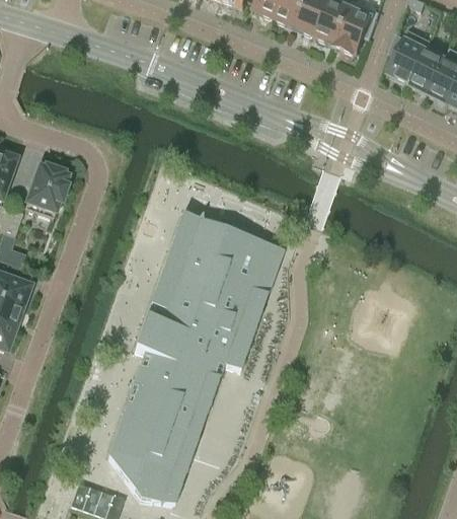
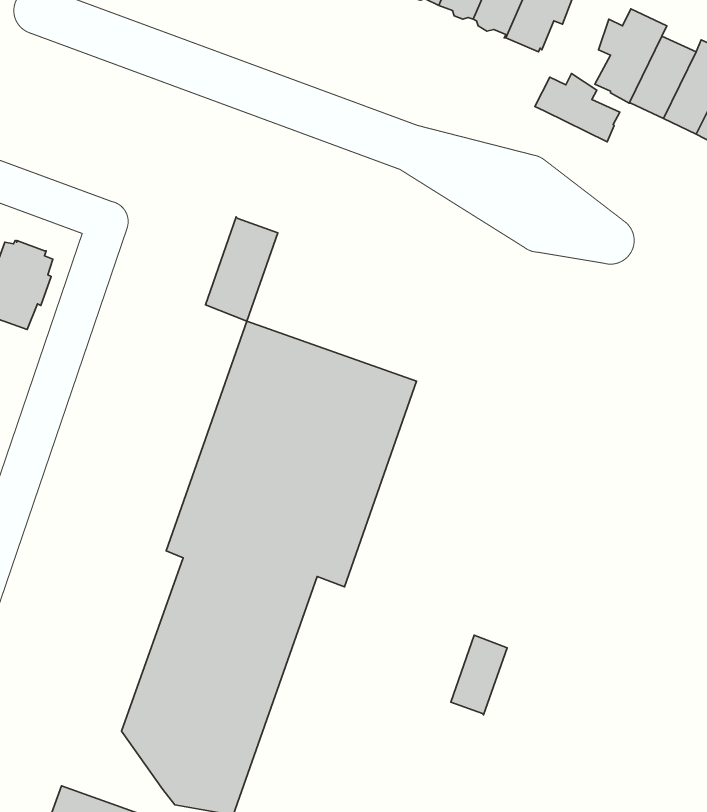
building: none -> [535,74,620,142]
building: none -> [205,217,278,321]
building: none -> [451,635,507,715]

